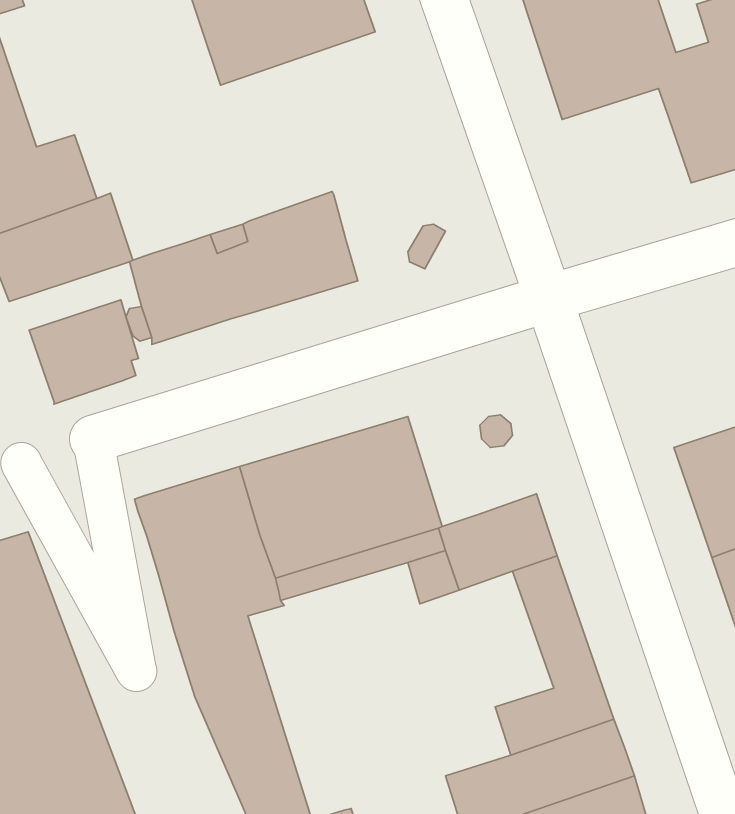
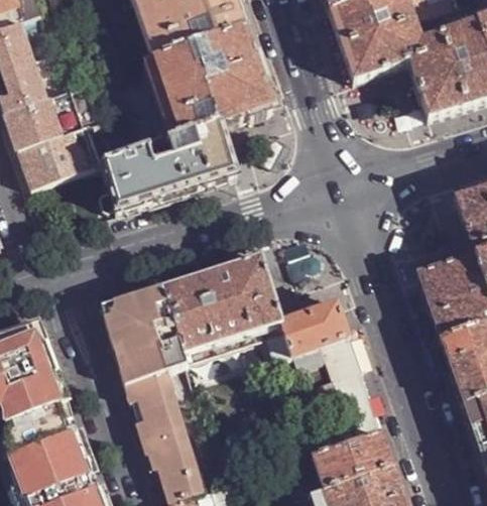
building: none -> [143,28,270,139]
building: [29,300,139,404] -> none

